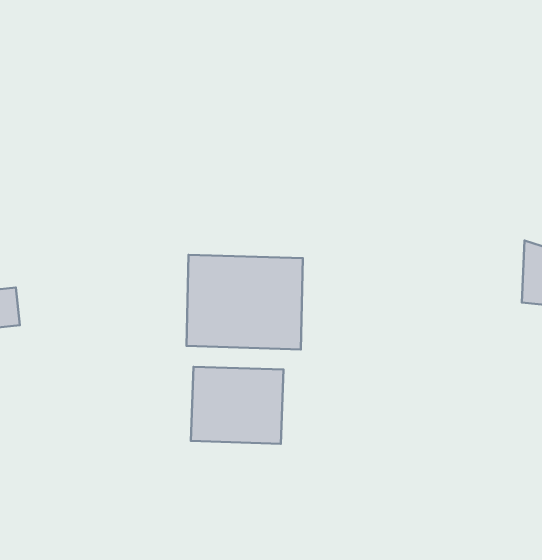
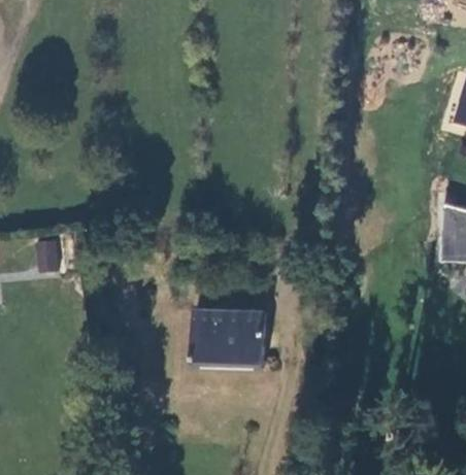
building: [186,255,303,349] -> none

